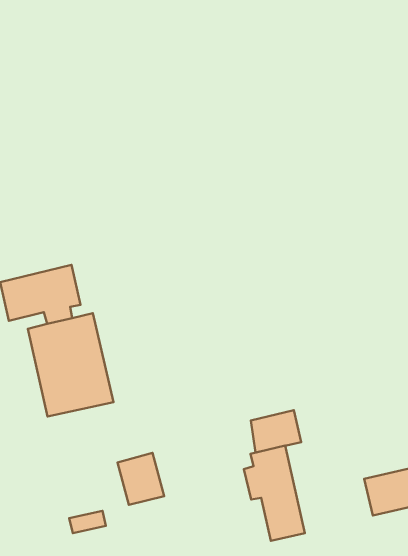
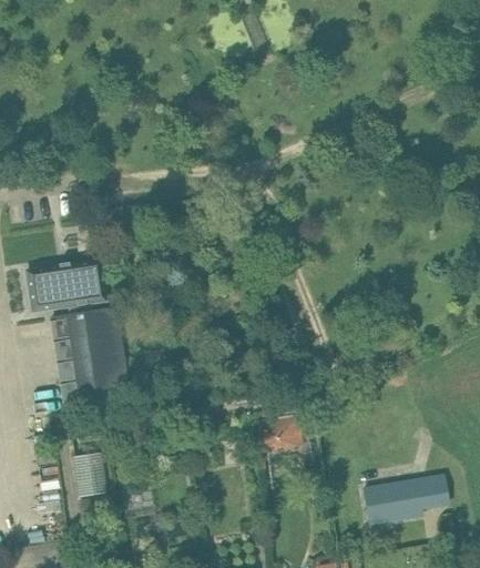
building: [244,446,305,541] -> none
building: [117,453,164,505] -> [69,450,111,498]

